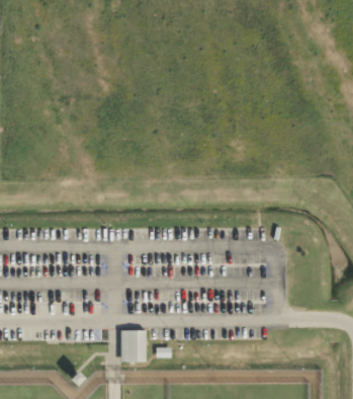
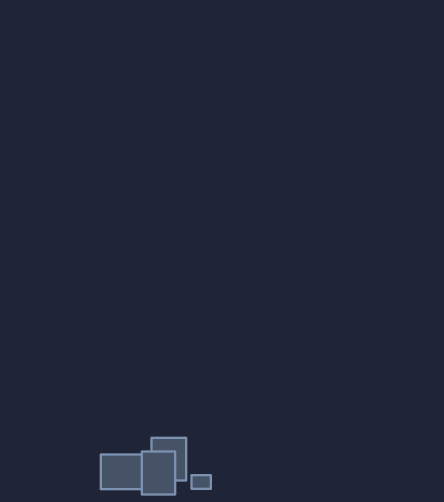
building: none -> [101,454,142,489]

